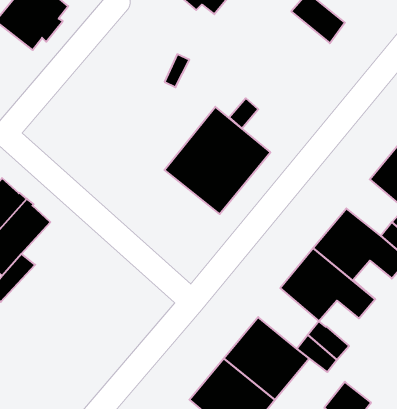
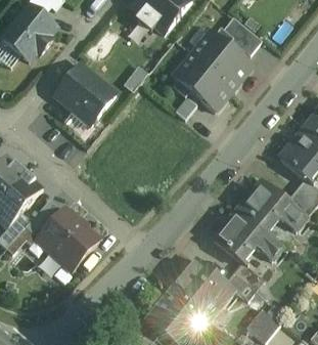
building: none -> [54,64,116,124]
building: [164,107,270,214] -> [173,31,252,111]
building: none -> [37,208,98,269]

